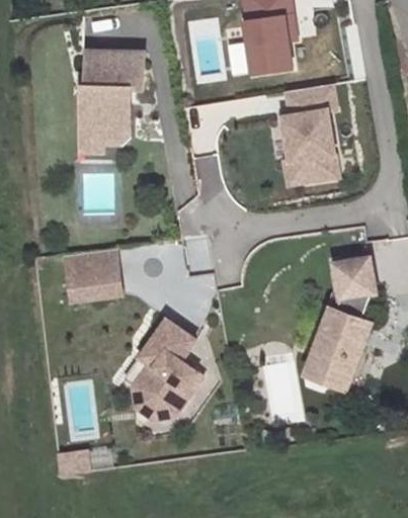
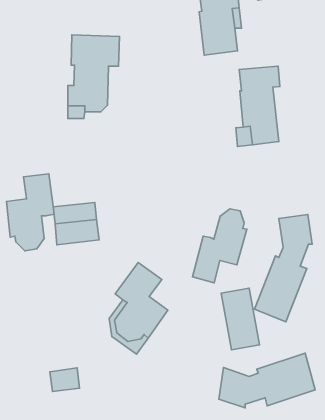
building: none -> [6,174,54,251]
building: none -> [192,209,247,283]
building: none -> [219,353,315,408]

